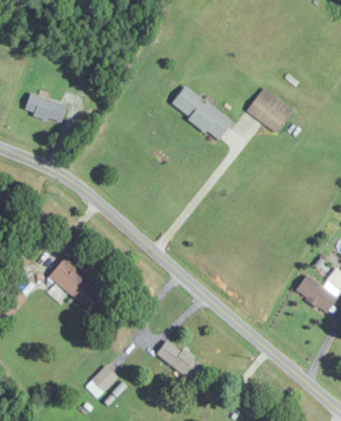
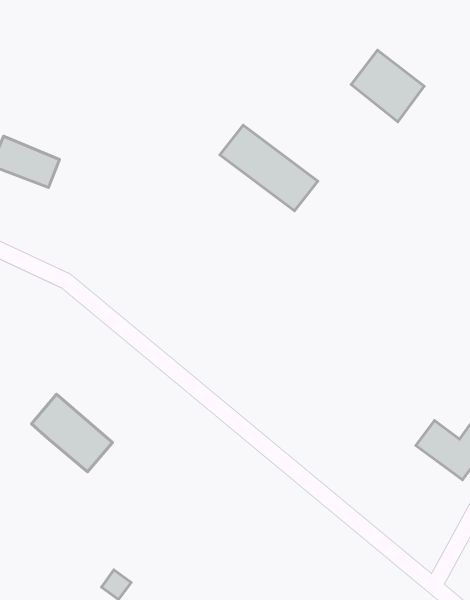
building: [246,87,293,133] -> [351,50,424,122]
building: [156,338,202,380] -> none

